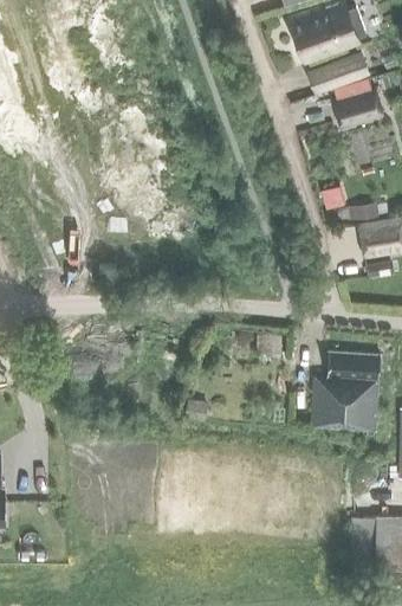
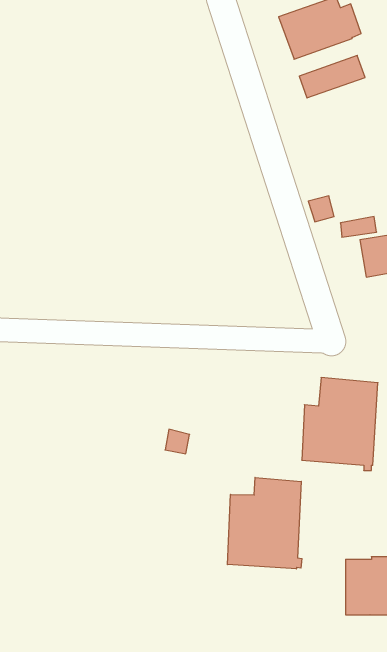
building: [332,92,382,129] -> none
building: none -> [227,477,302,569]

